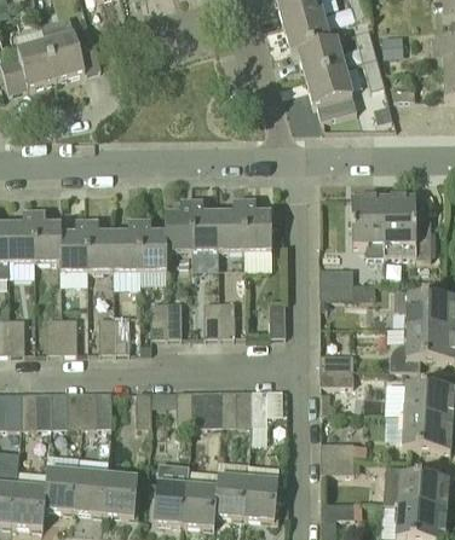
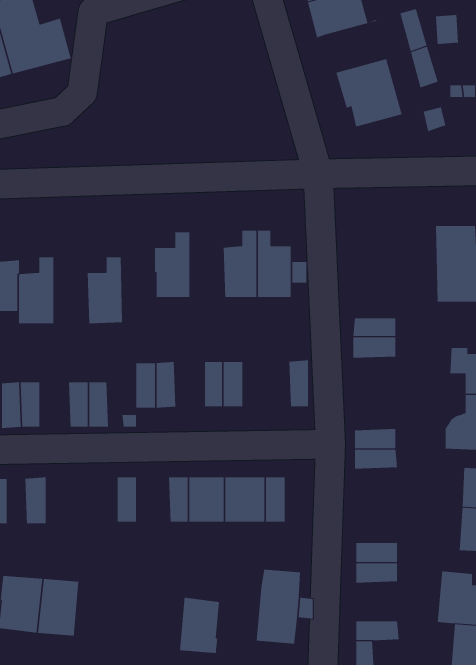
building: [298,37,345,77] -> none
building: [350,196,384,256] -> none
building: [192,201,219,251] -> none
building: [87,220,114,272] -> none
building: [139,220,166,271] -> none
building: [81,390,111,426] -> none
building: [152,464,189,524] -> none
building: [103,471,138,516] -> none
building: [213,474,247,517] -> none

